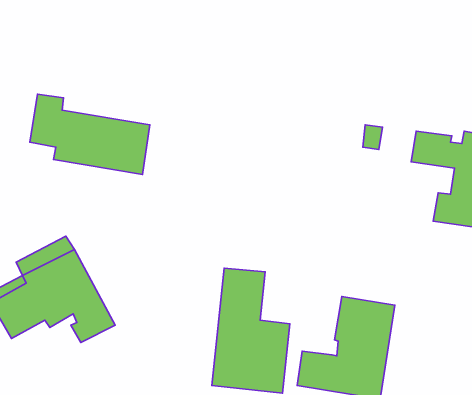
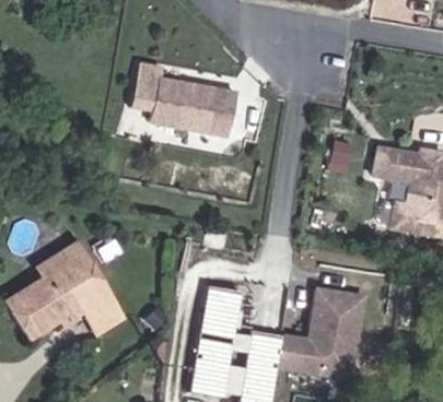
building: [30,94,150,174] -> [132,71,238,142]

